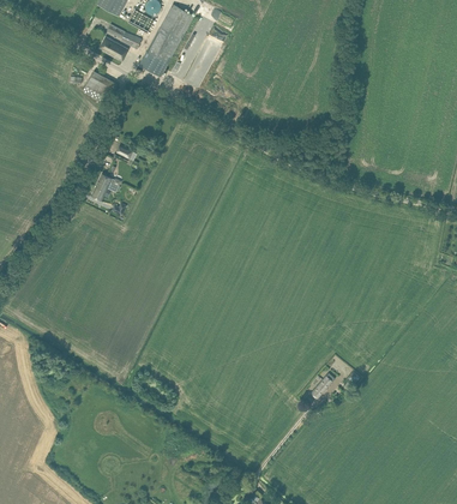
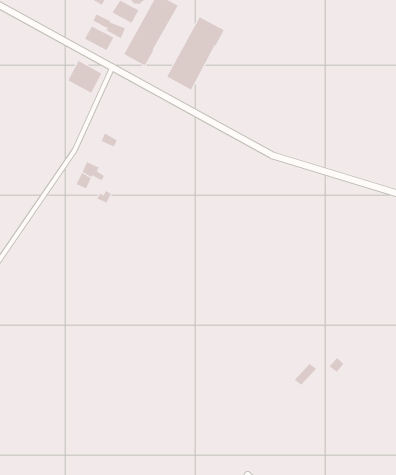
building: none -> [166,16,224,90]

